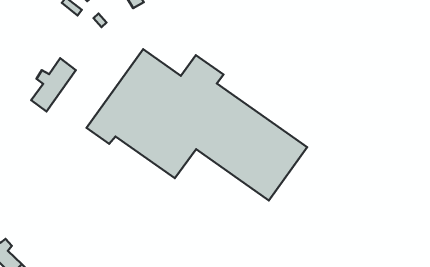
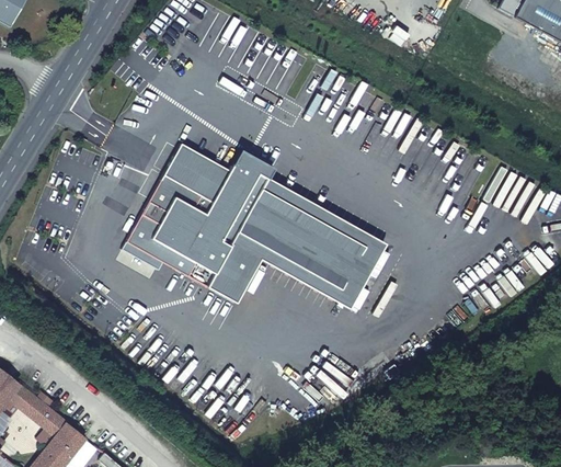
building: [31,58,76,111] -> none

